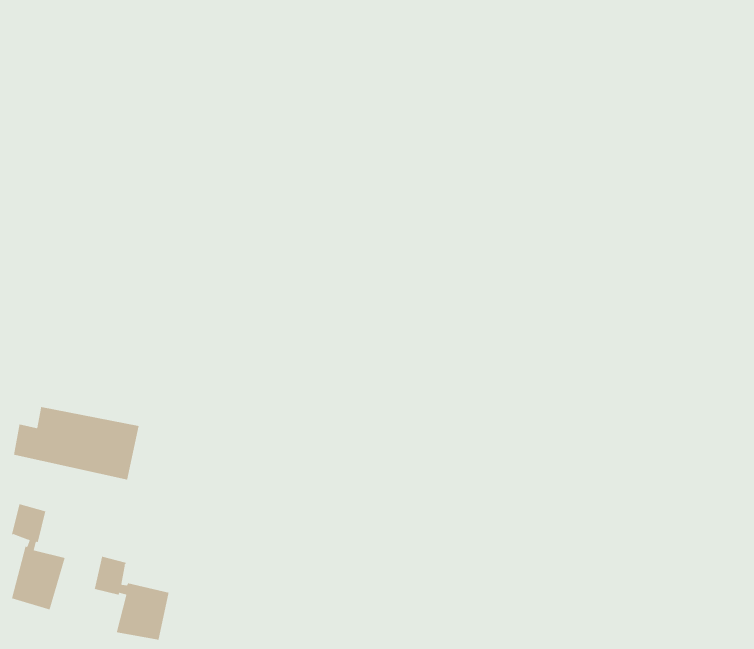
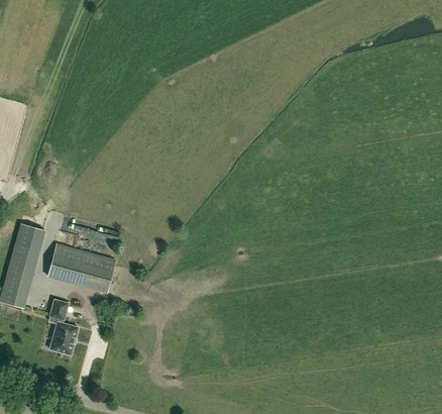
building: [94,556,169,640] -> none

